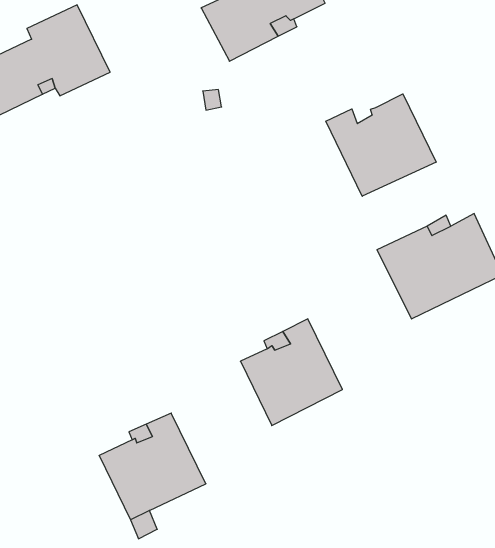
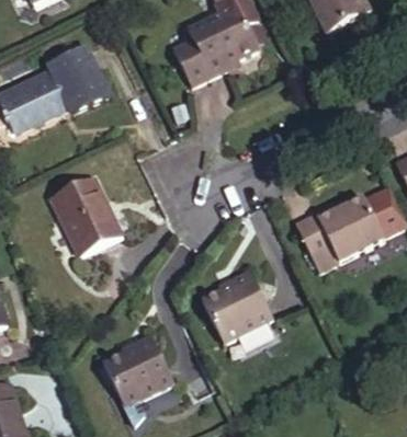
building: [326,94,436,196] -> none
building: none -> [52,177,126,258]

